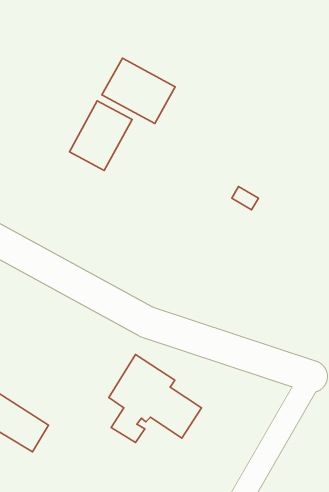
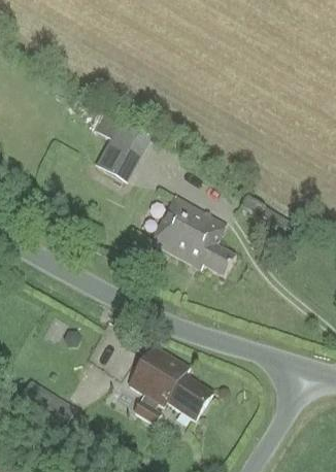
building: [102,58,175,124] -> none
building: none -> [149,197,235,276]

